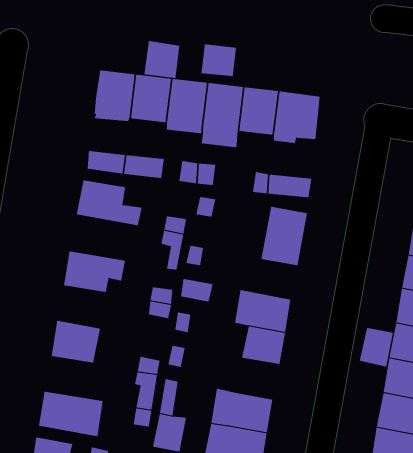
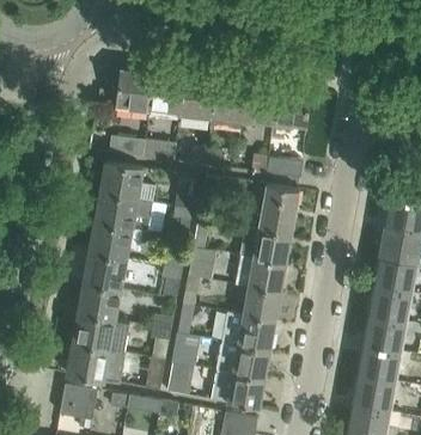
building: [144,40,180,79] -> none
building: [201,43,236,77] -> none
building: none -> [93,194,153,234]
building: none -> [240,229,291,266]
building: none -> [83,255,126,292]
building: [359,327,394,368] -> none
building: none -> [220,314,275,353]
building: none -> [72,315,129,354]

